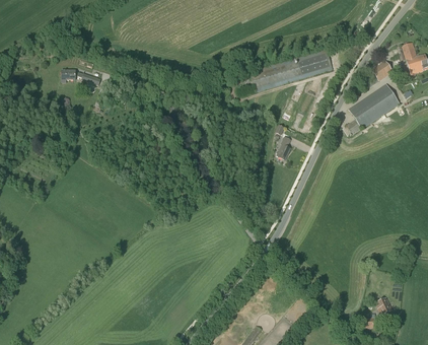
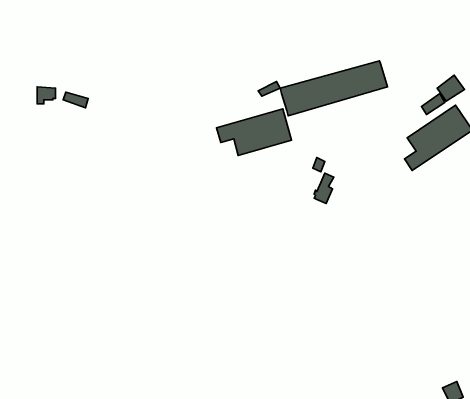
building: none -> [217,109,292,155]

